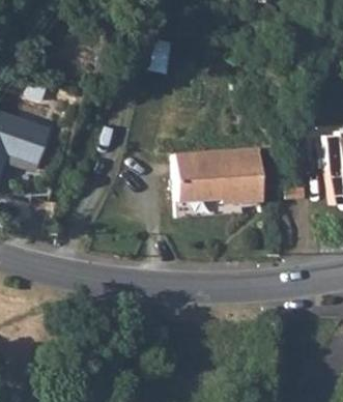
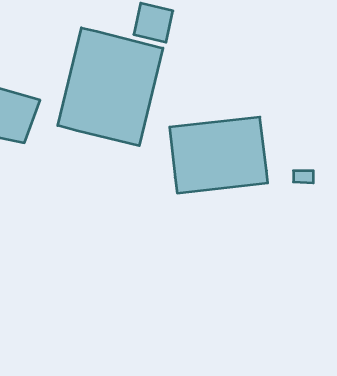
building: none -> [58,28,163,146]

